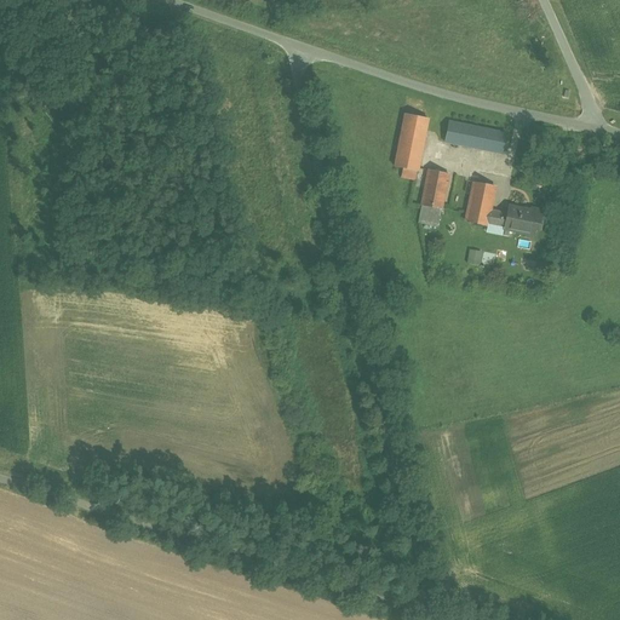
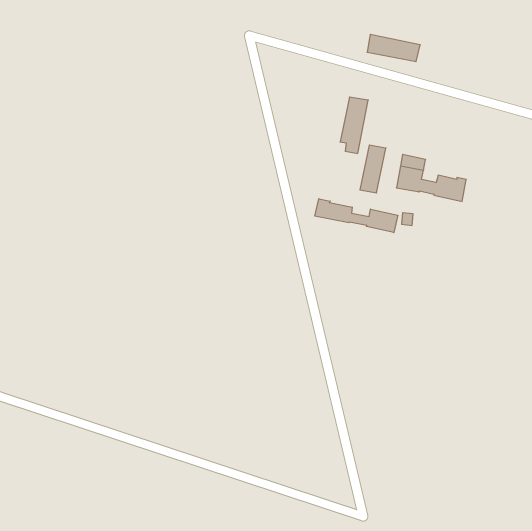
building: [446,120,507,151] -> [367,34,420,62]
building: none -> [315,199,398,233]

